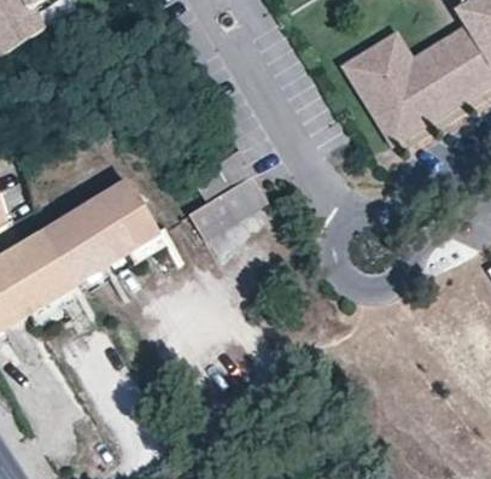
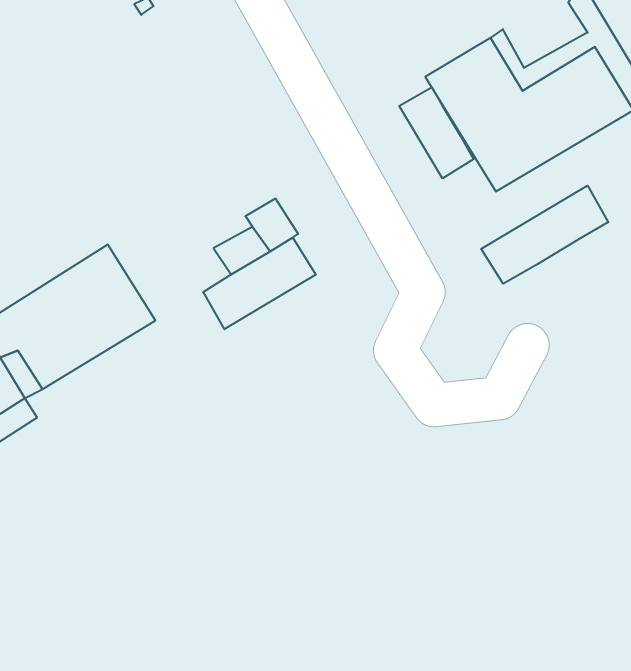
building: none -> [399,87,474,178]
building: none -> [481,186,608,284]

